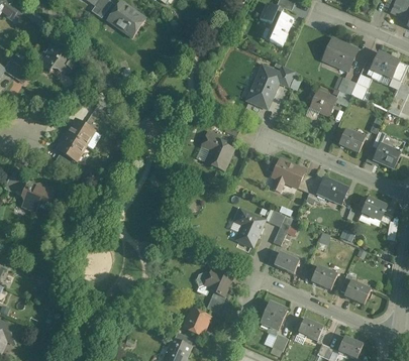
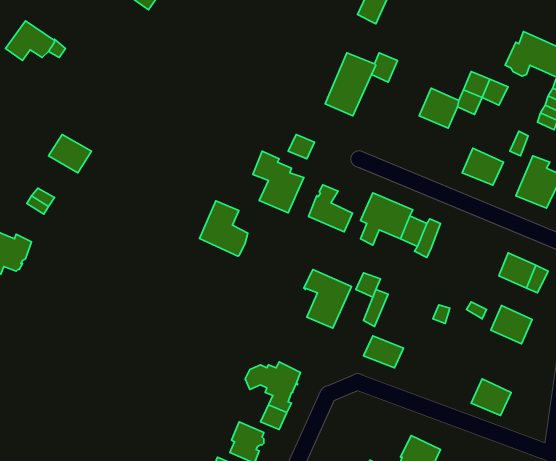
building: [322,38,356,71] -> none
building: [57,133,85,158] -> none
building: none -> [309,185,352,232]
building: none -> [199,201,248,256]
building: [317,177,347,204] -> none
building: [310,264,337,289] -> [491,306,532,344]
building: [260,302,287,329] -> none

